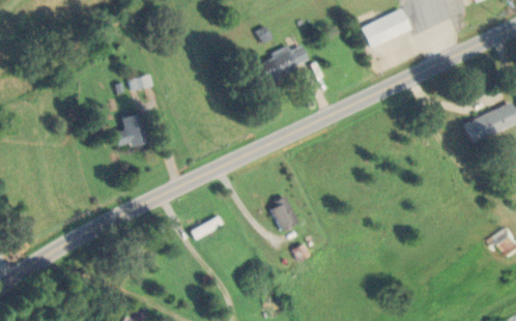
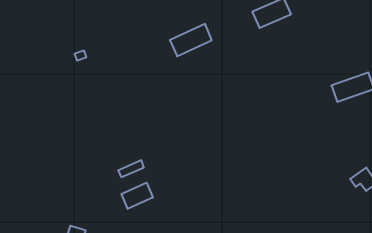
building: [115,114,148,150] -> none
building: [268,197,297,230] -> none
building: none -> [121,183,153,209]

